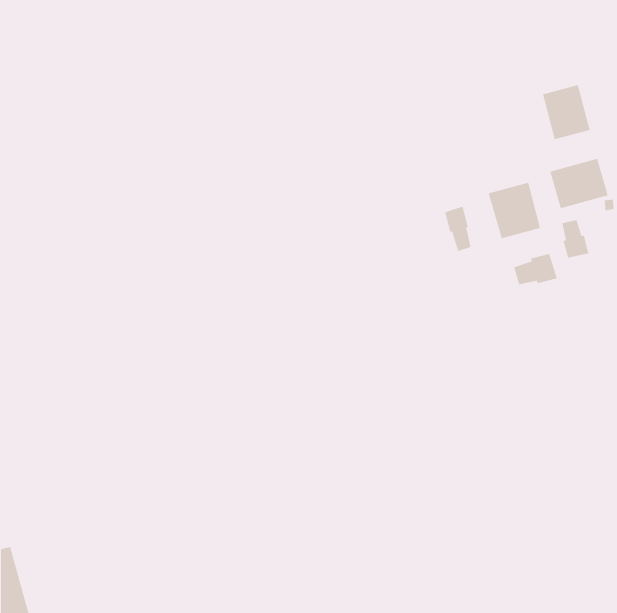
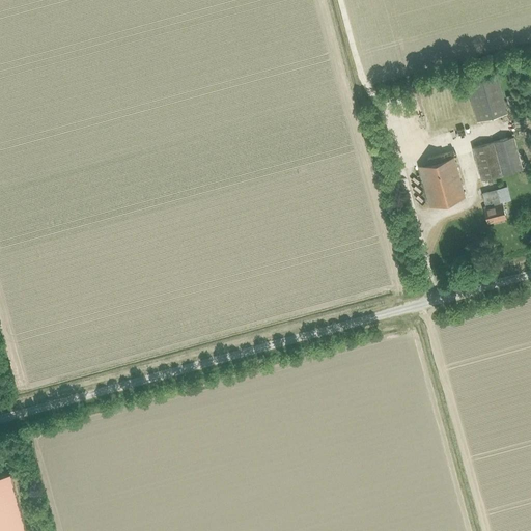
building: [444,206,471,252] -> none
building: [513,253,557,285] -> none

